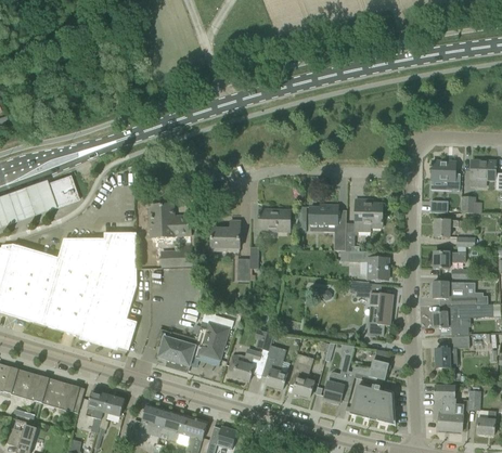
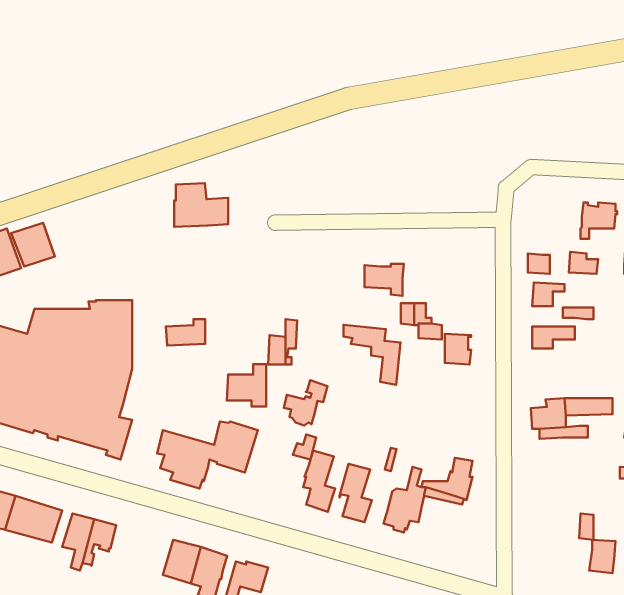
building: [429,160,455,186] -> none
building: [355,198,383,232] -> none
building: [150,204,190,236] -> [174,183,228,227]
building: [258,209,289,230] -> none
building: [210,220,240,251] -> [227,364,266,406]
building: [350,281,392,325] -> [344,325,401,385]
building: [433,281,486,305] -> none
building: [435,335,469,367] -> none
building: [229,348,261,381] -> [284,380,328,426]
building: [433,385,464,431] -> none
building: [349,387,395,424] -> none
building: [139,403,167,436] -> none

